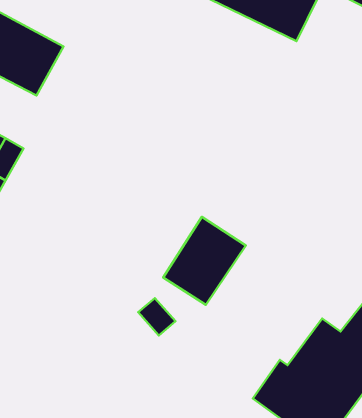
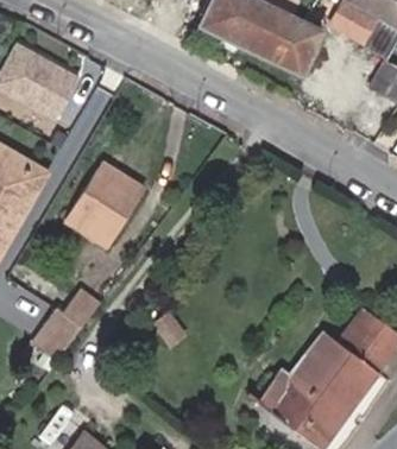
building: [163,217,246,305] -> [67,160,143,241]
building: none -> [32,289,100,356]

